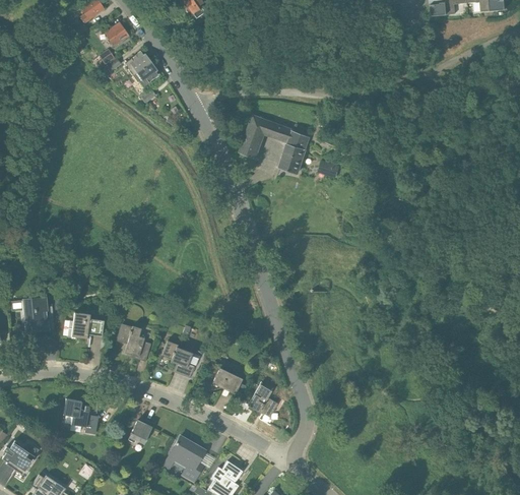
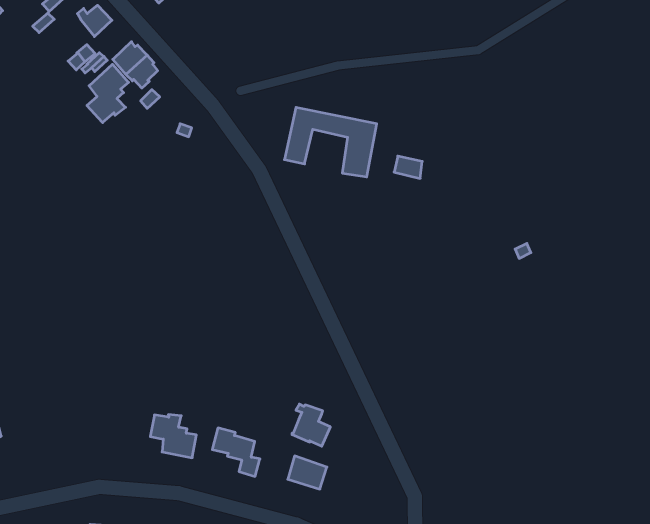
building: none -> [87,64,129,123]
building: [22,297,48,330] -> none
building: [70,311,104,338] -> none
building: [247,383,275,416] -> [292,404,330,446]

